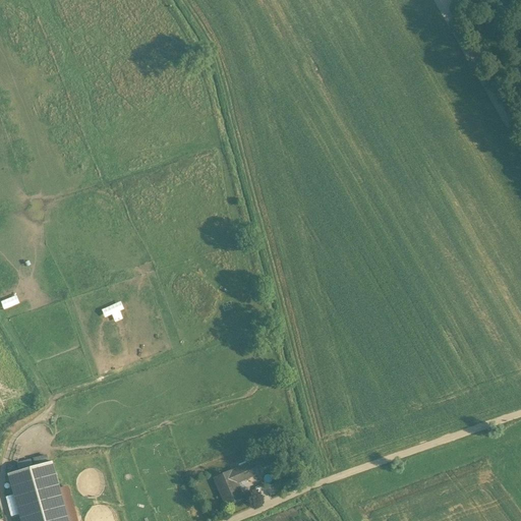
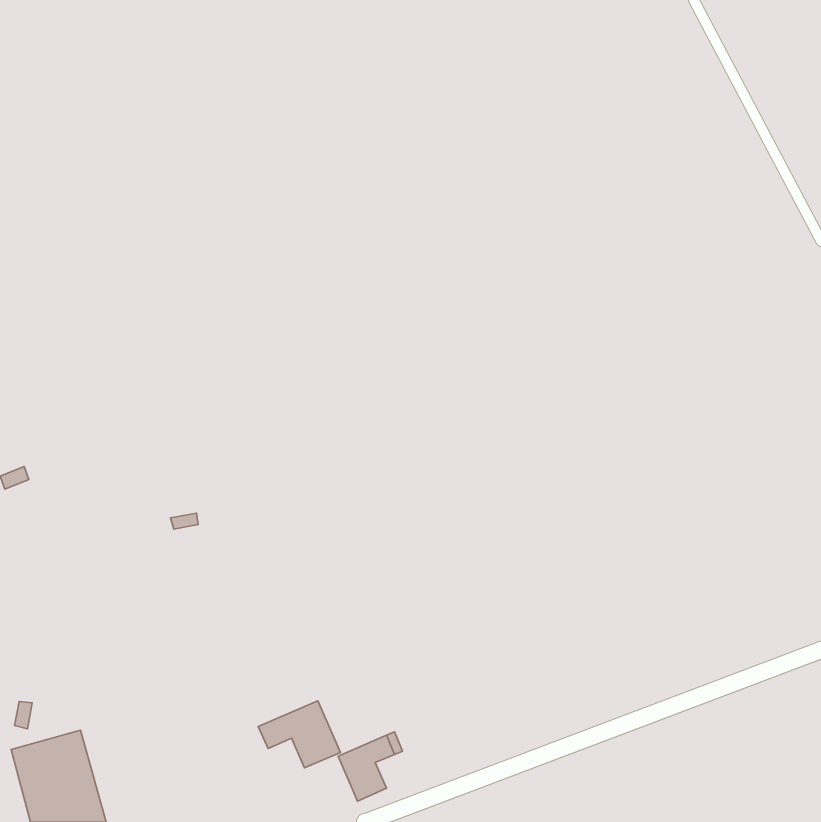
building: none -> [258,701,341,768]

